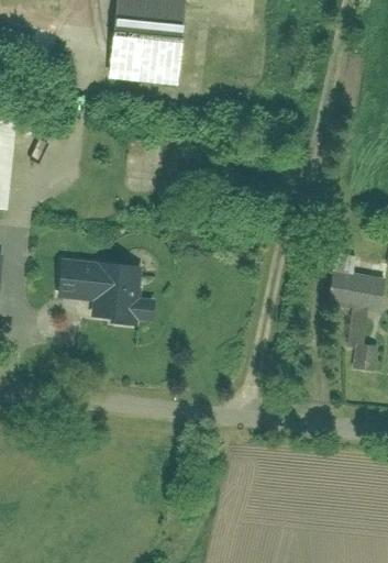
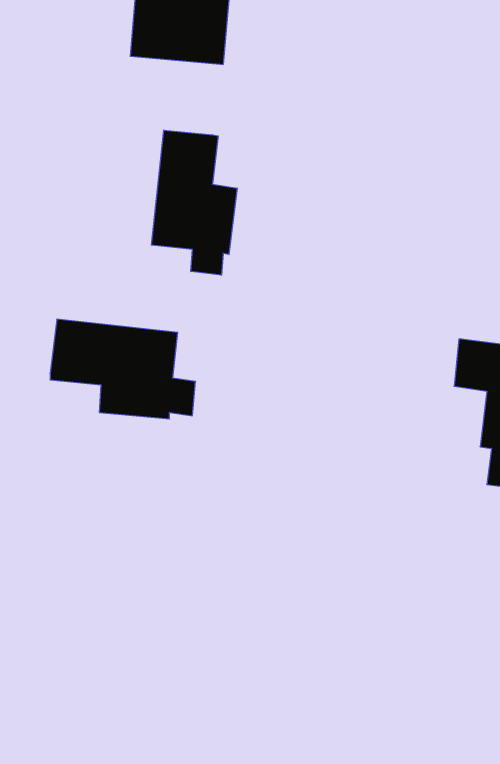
building: none -> [151,130,237,275]

